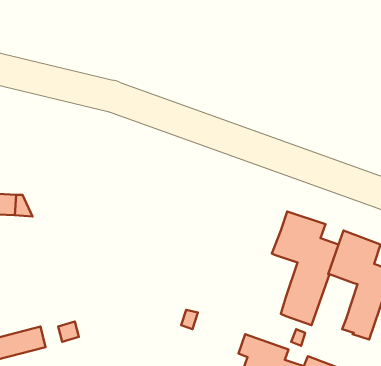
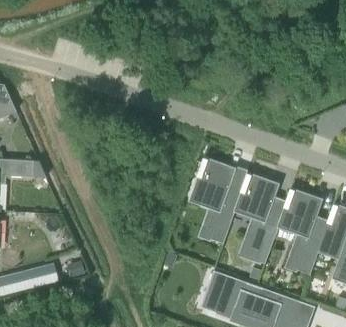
building: none -> [191,158,241,243]

